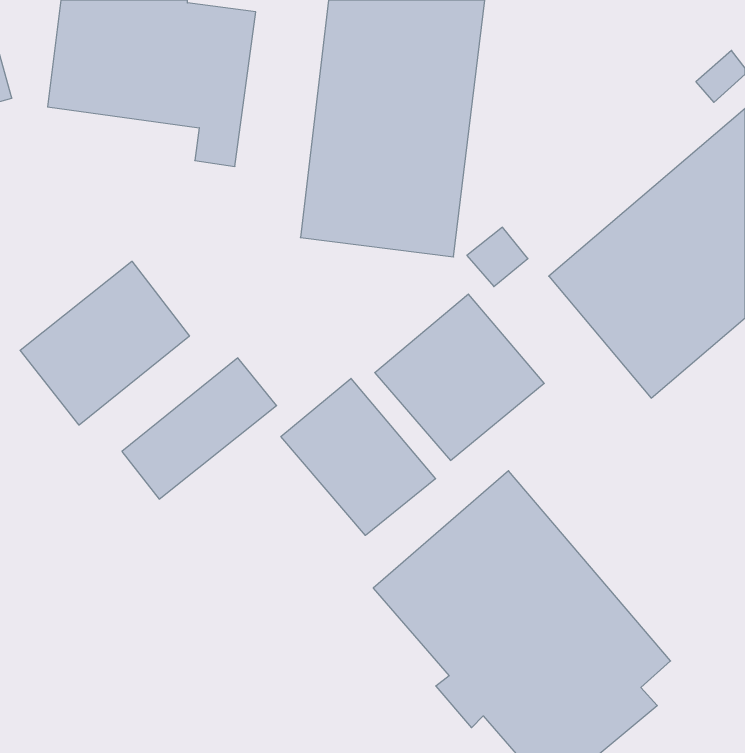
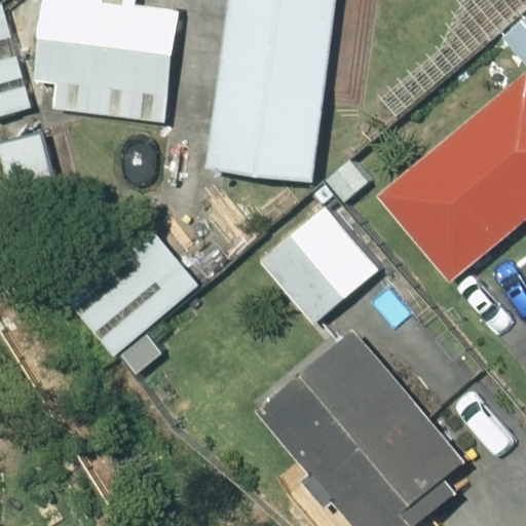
building: [20,261,189,425] -> none
building: [281,378,436,535] -> none

